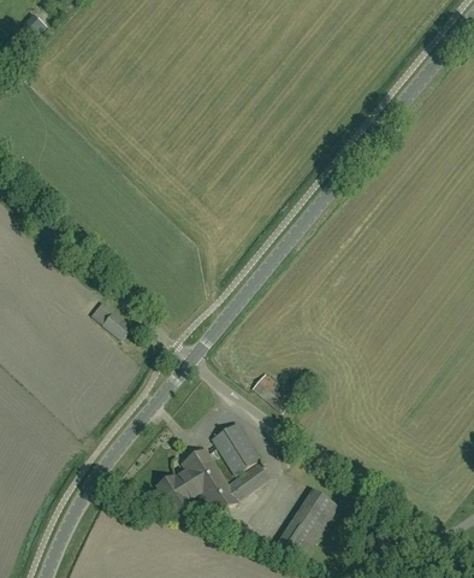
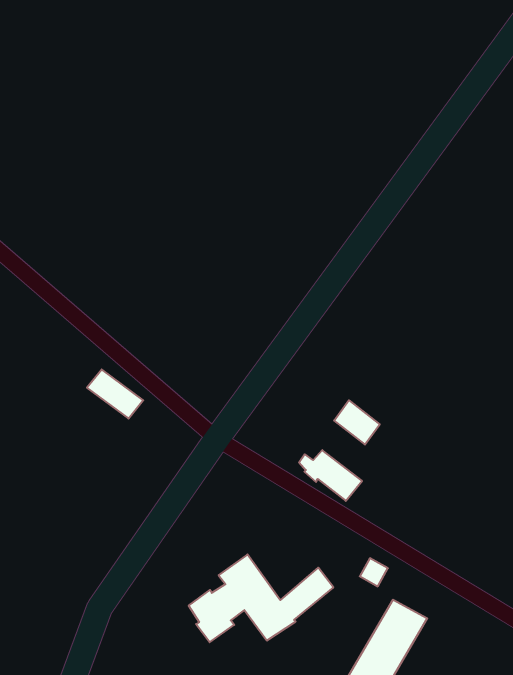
building: none -> [334,400,380,445]
building: [212,421,259,473] -> none

